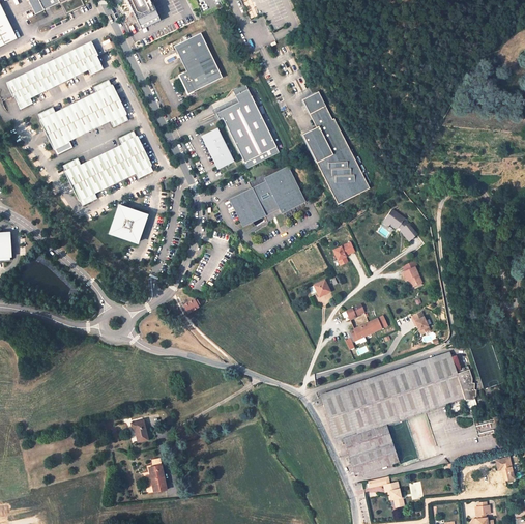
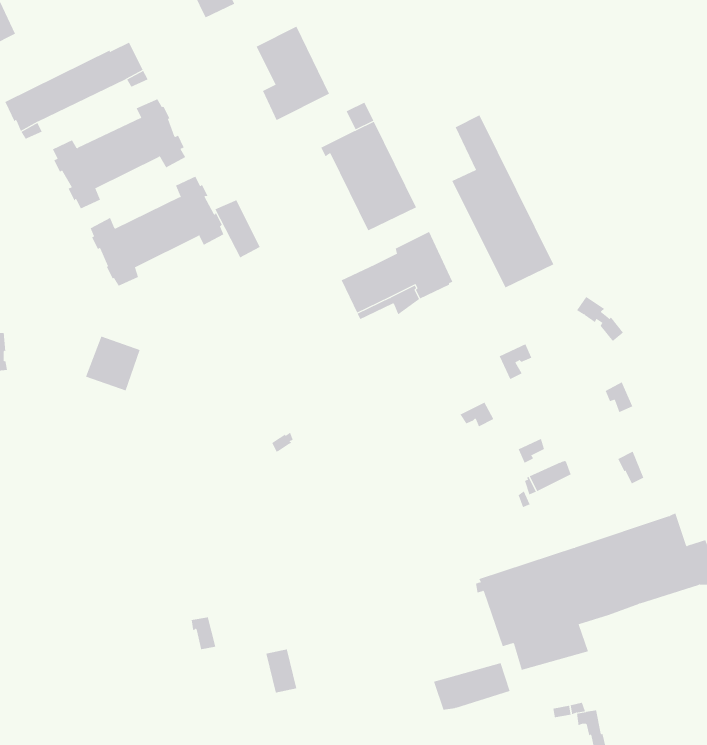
building: [203,129,233,168] -> [215,200,260,258]
building: [110,206,146,242] -> [85,336,140,391]
building: [348,443,399,474] -> [433,663,511,710]
building: [148,464,169,493] -> [266,649,297,693]

